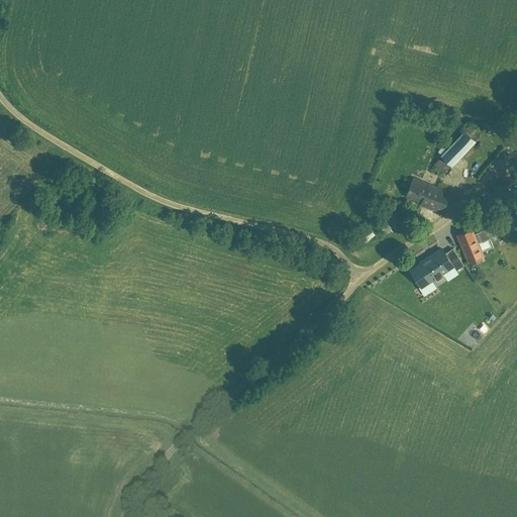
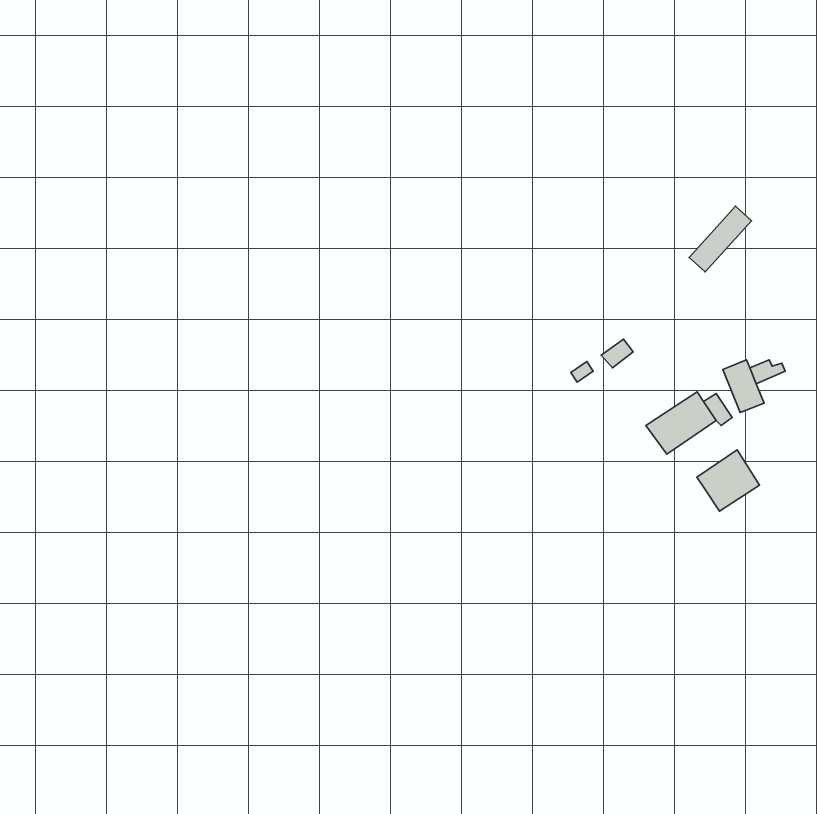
building: [406,179,450,213] -> none
building: none -> [697,450,759,511]

